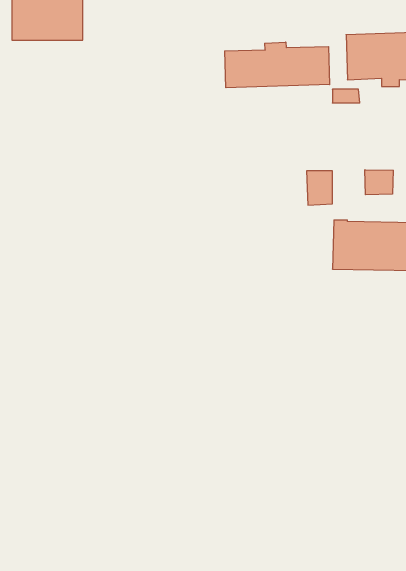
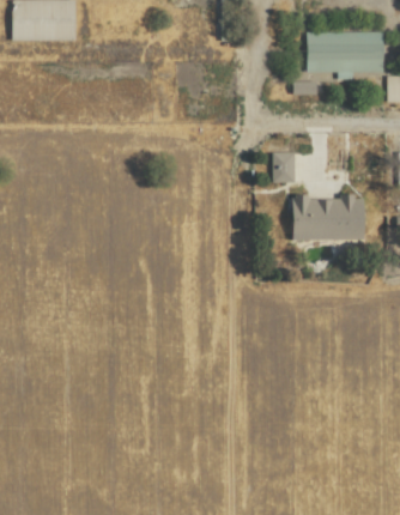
building: [225,42,330,88] -> none
building: [365,170,393,195] -> none

